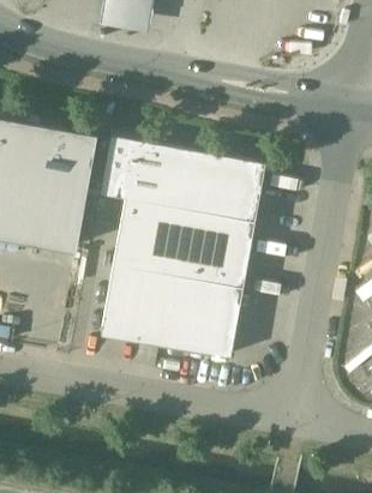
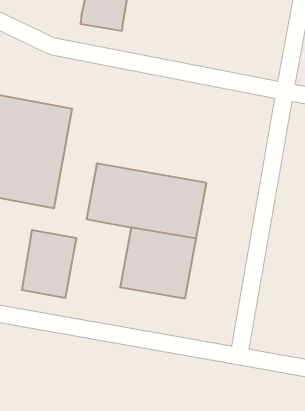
building: [100,134,265,221] -> none
building: [101,264,166,344] -> [22,230,77,298]

